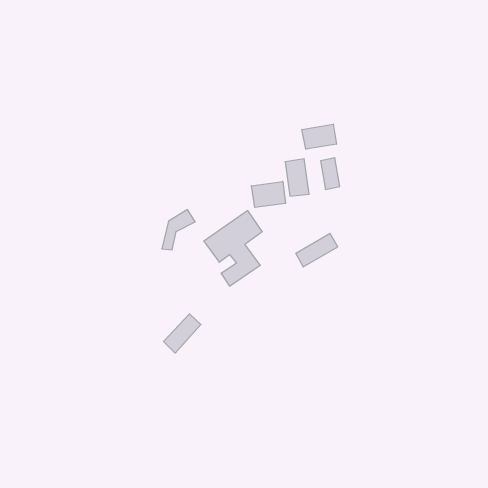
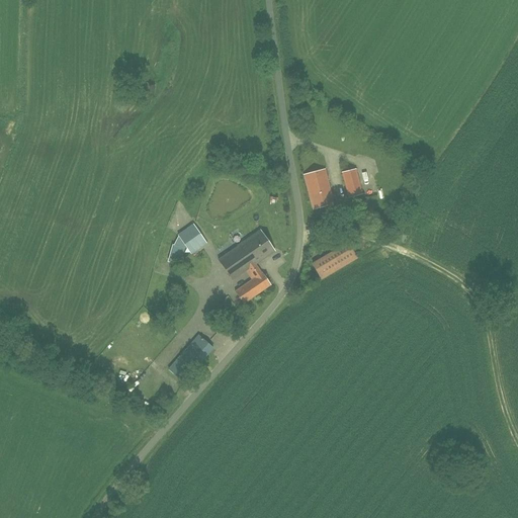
building: [302,124,336,149] -> none
building: [251,181,286,207] -> none

